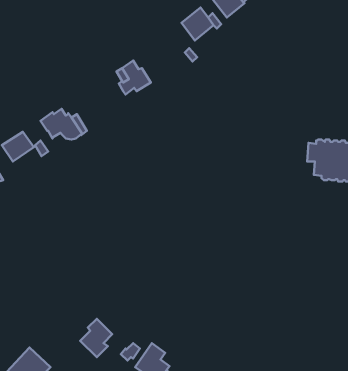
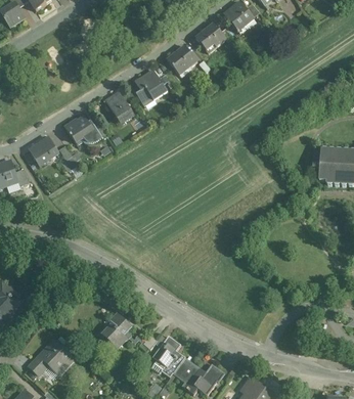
building: none -> [167,46,197,76]
building: none -> [105,93,133,124]

